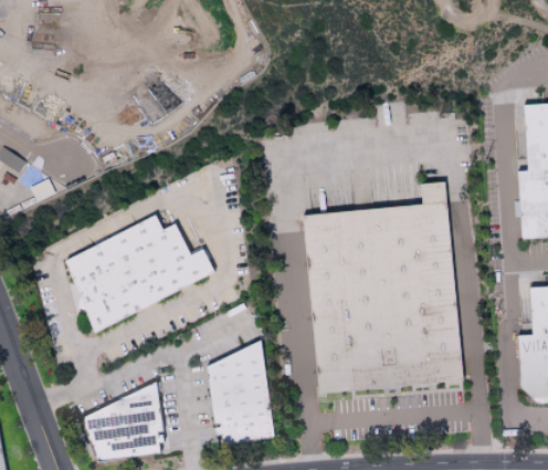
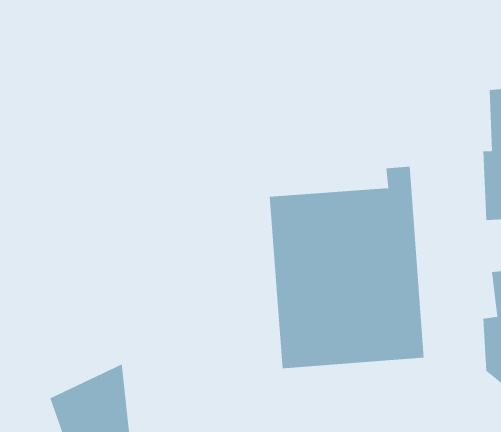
building: [64,216,217,334] -> none
building: [211,342,274,443] -> none

